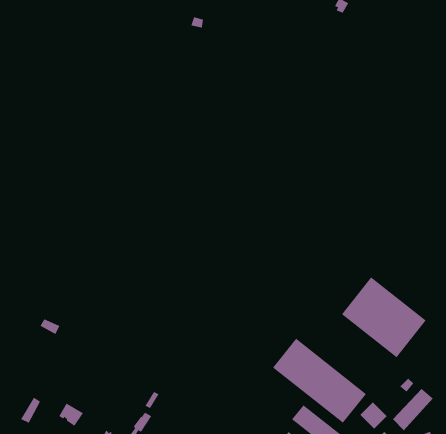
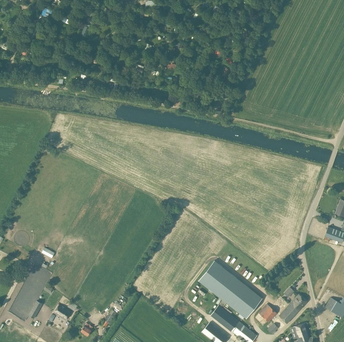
building: [341,276,426,358] -> none

